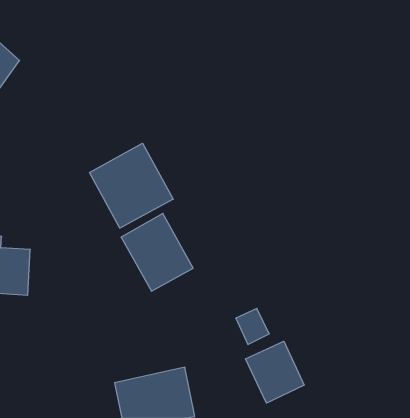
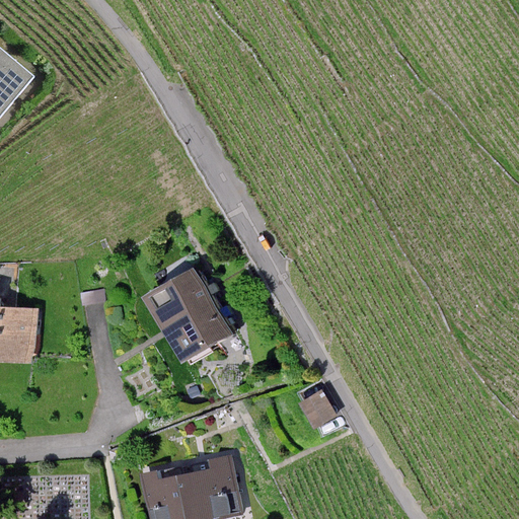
building: [90,143,173,228] -> none
building: [246,341,304,403] -> none

